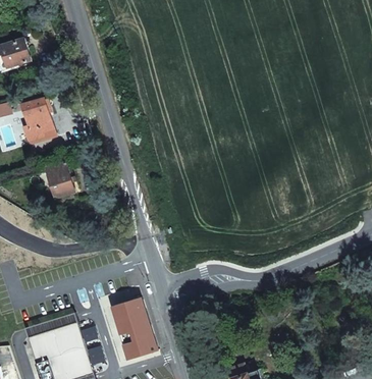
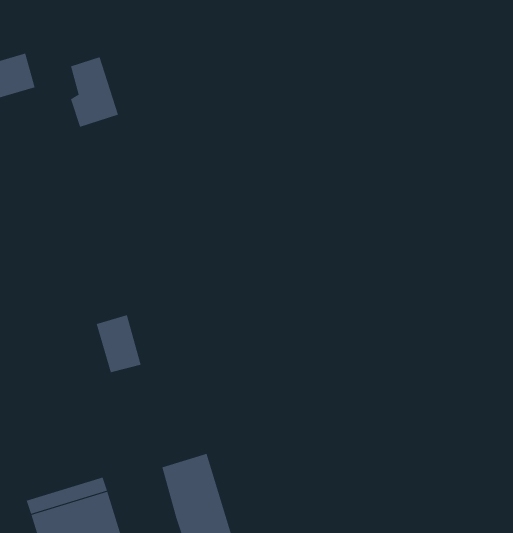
building: [23,99,55,145] -> [70,57,119,128]
building: [45,161,74,199] -> [96,314,142,373]

